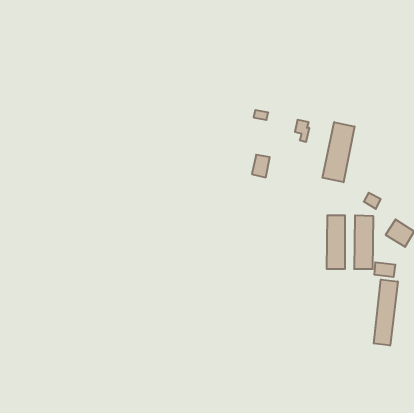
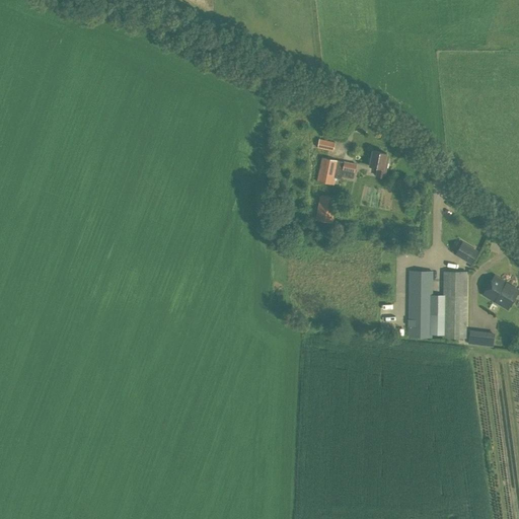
building: [322,122,355,182] -> none
building: none -> [316,156,356,184]
building: [374,279,398,346] -> none

